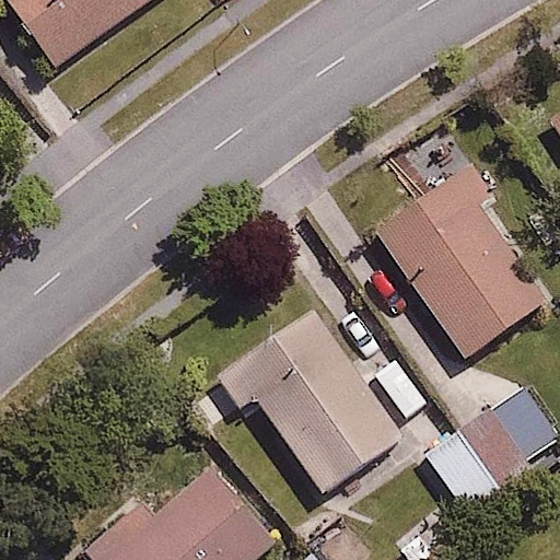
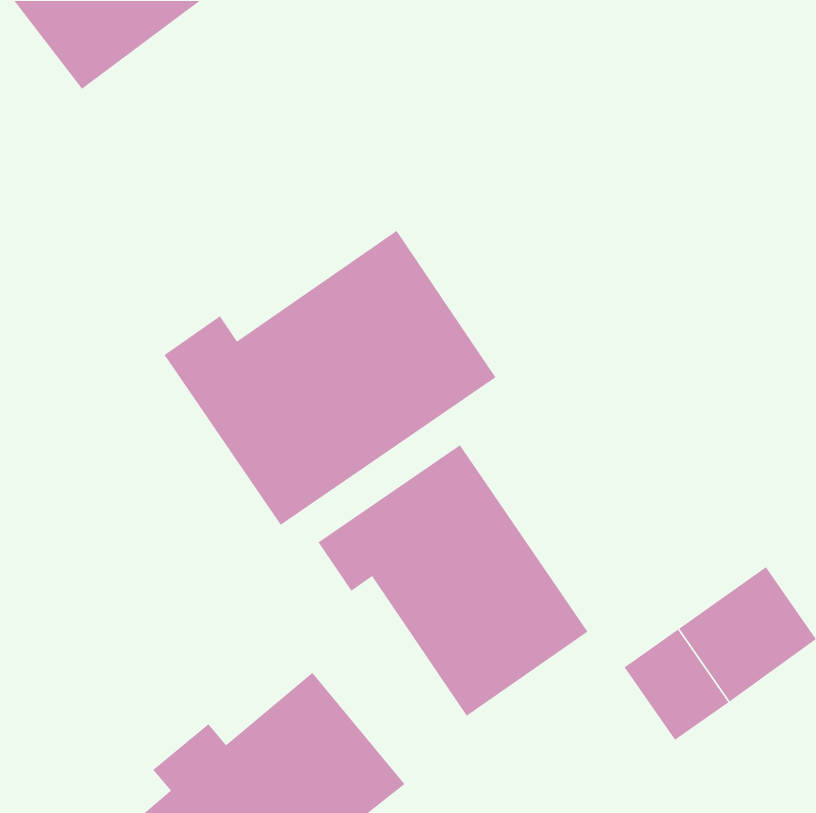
building: none -> [163,230,496,526]
building: [376,172,548,358] -> none

